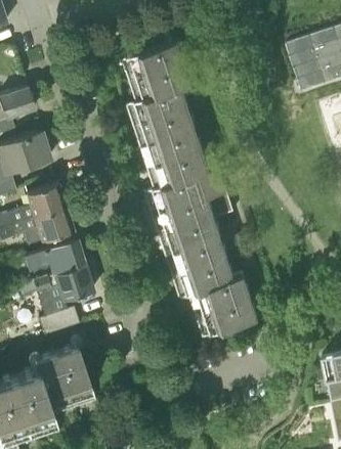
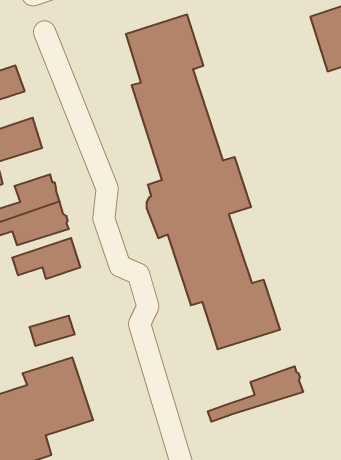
building: [19,263,93,300] -> none
building: none -> [208,366,303,422]

